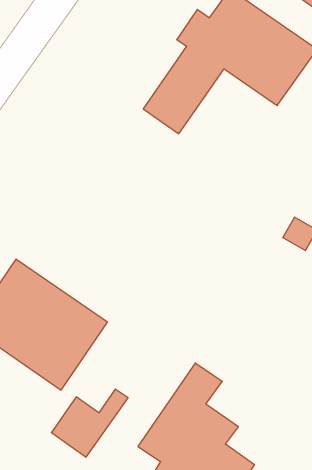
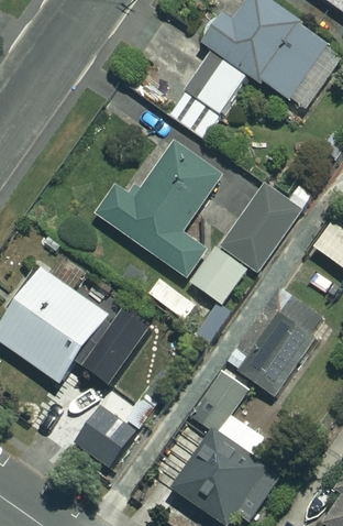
building: none -> [97,143,221,277]
building: none -> [193,183,311,305]
building: none -> [239,297,327,394]

